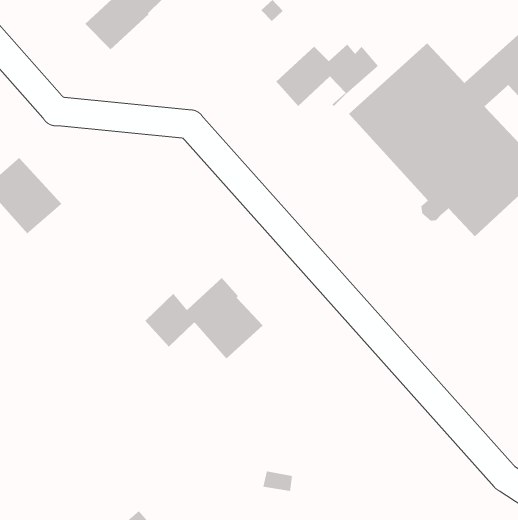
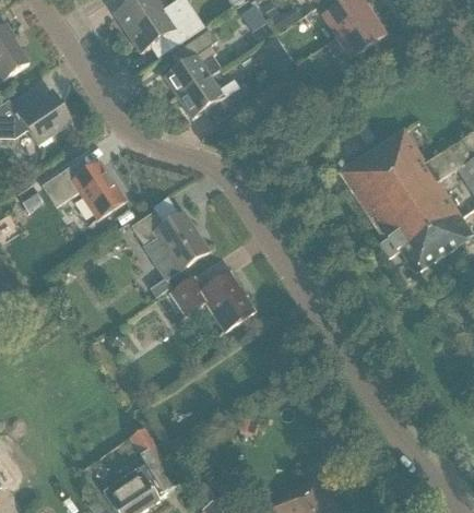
building: [275,43,379,107] -> [177,75,252,121]
building: none -> [130,208,208,278]

